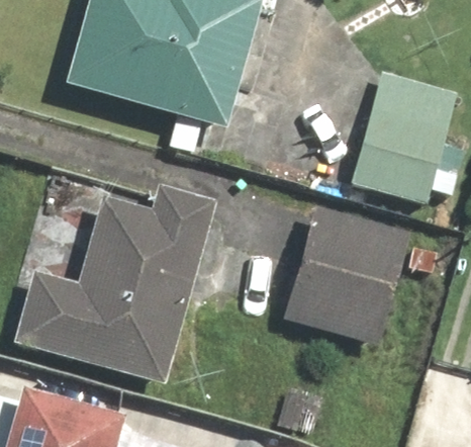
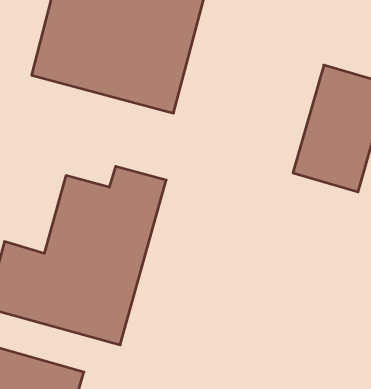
building: [286,212,408,343] -> none

